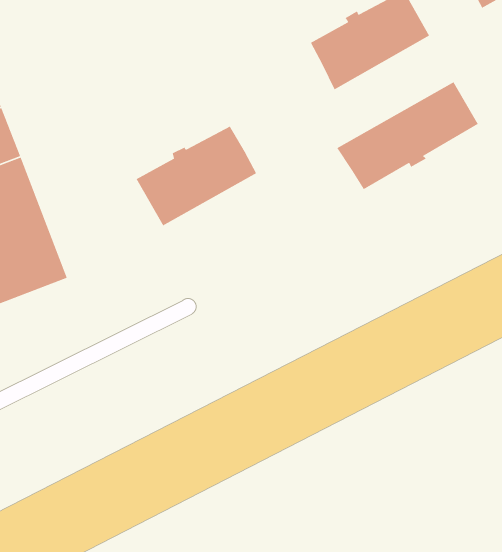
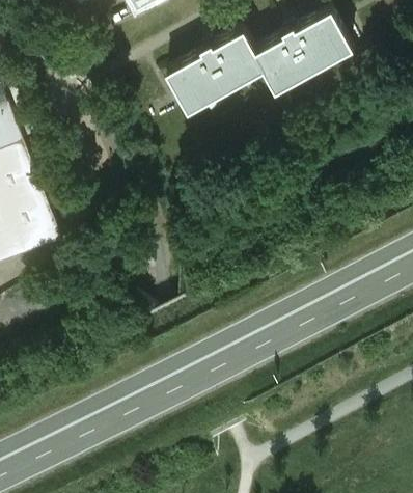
building: [336,81,479,190] -> none
building: [136,126,257,227] -> [166,35,264,116]

